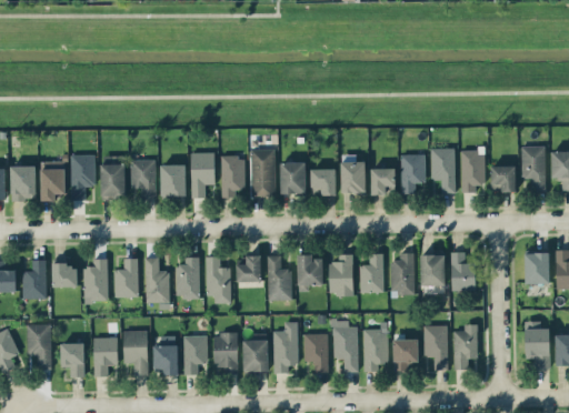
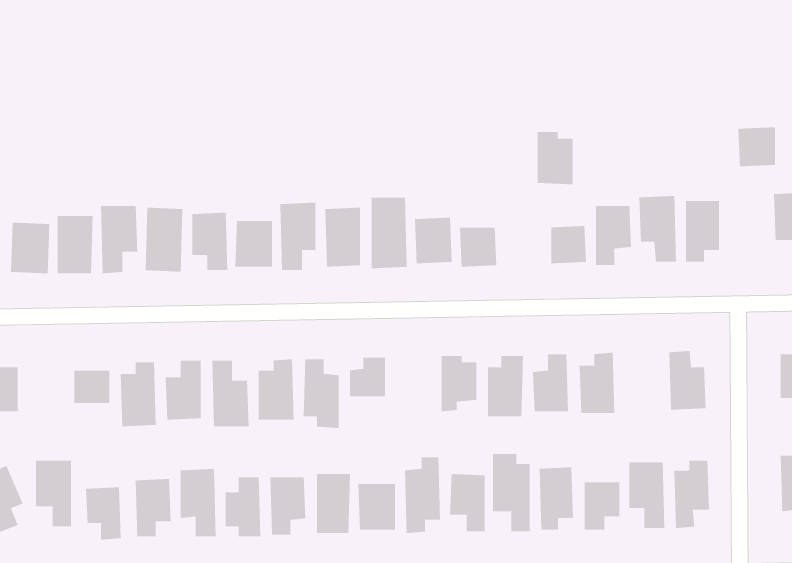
building: [341,158,366,193] -> [537,132,573,185]
building: [490,165,516,192] -> [738,127,776,167]
building: [267,254,291,300] -> none
building: [420,254,445,285] -> none
building: [22,260,47,299] -> none

